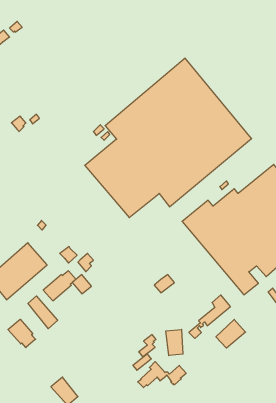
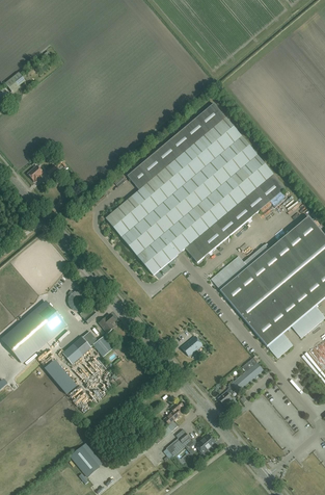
building: [8,319,36,348] -> none
building: [216,319,246,348] -> none
building: [166,329,183,356] -> none

